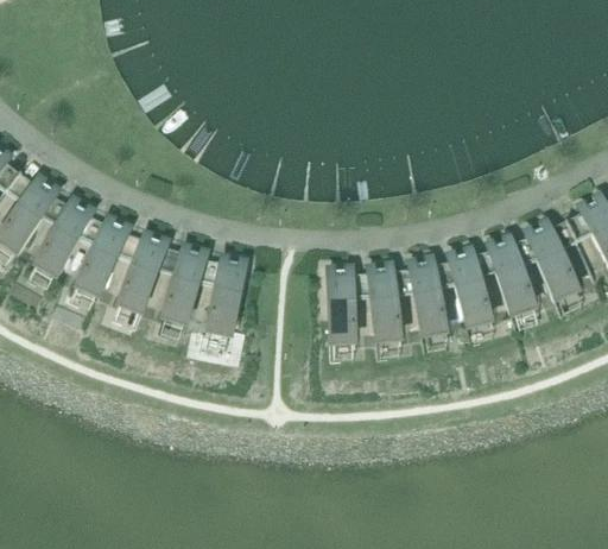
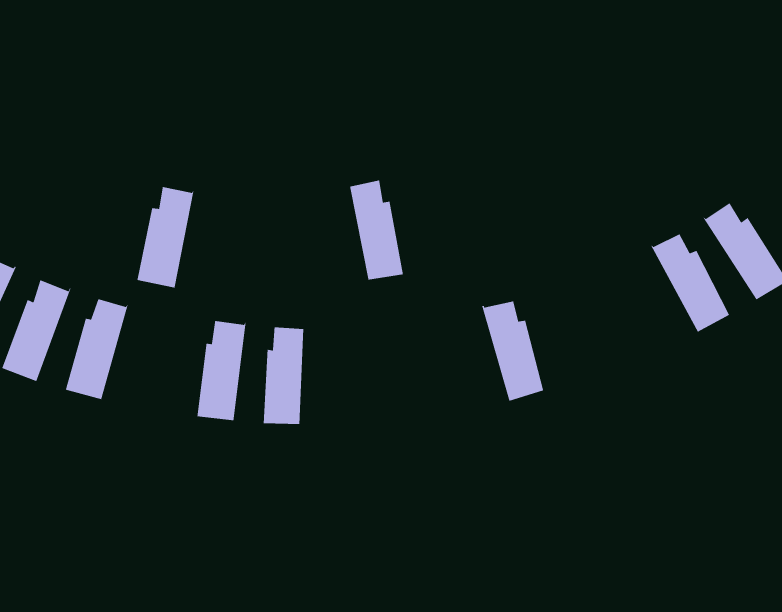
building: [120,236,169,307] -> [137,186,195,289]
building: [448,252,490,321] -> none
building: [408,260,445,329] -> none
building: [328,270,355,336] -> [349,180,404,281]

